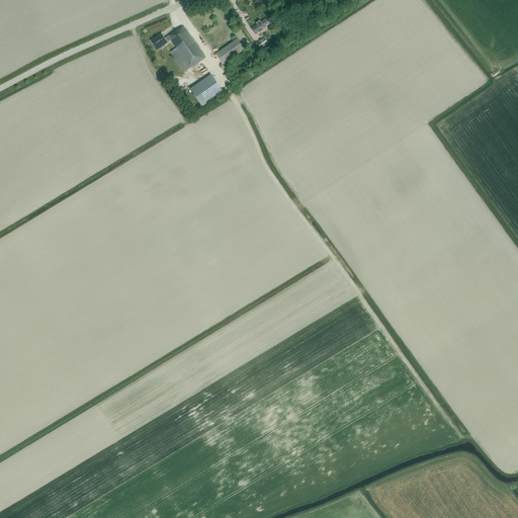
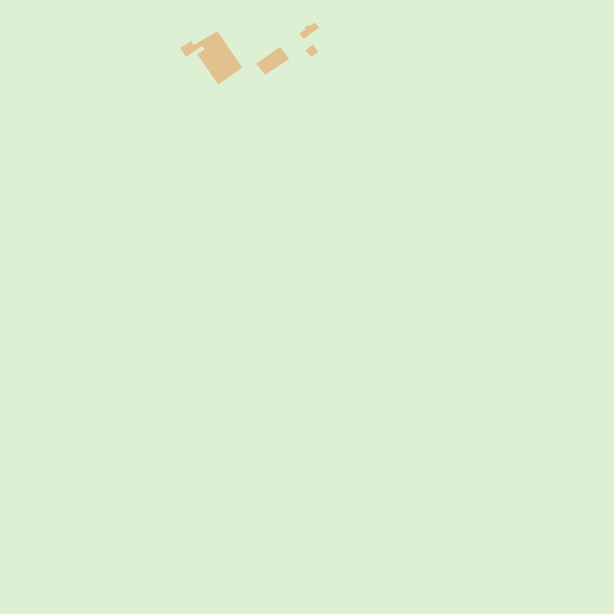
building: [189,74,223,106] -> none

